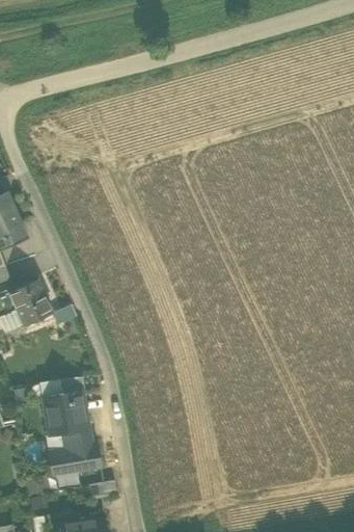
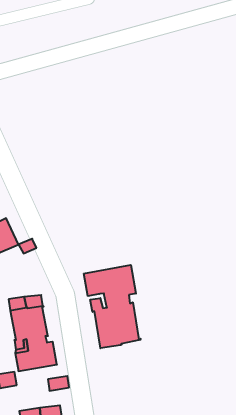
building: none -> [84,265,141,348]

